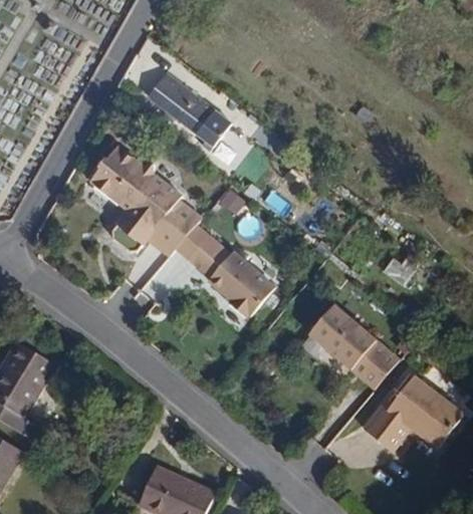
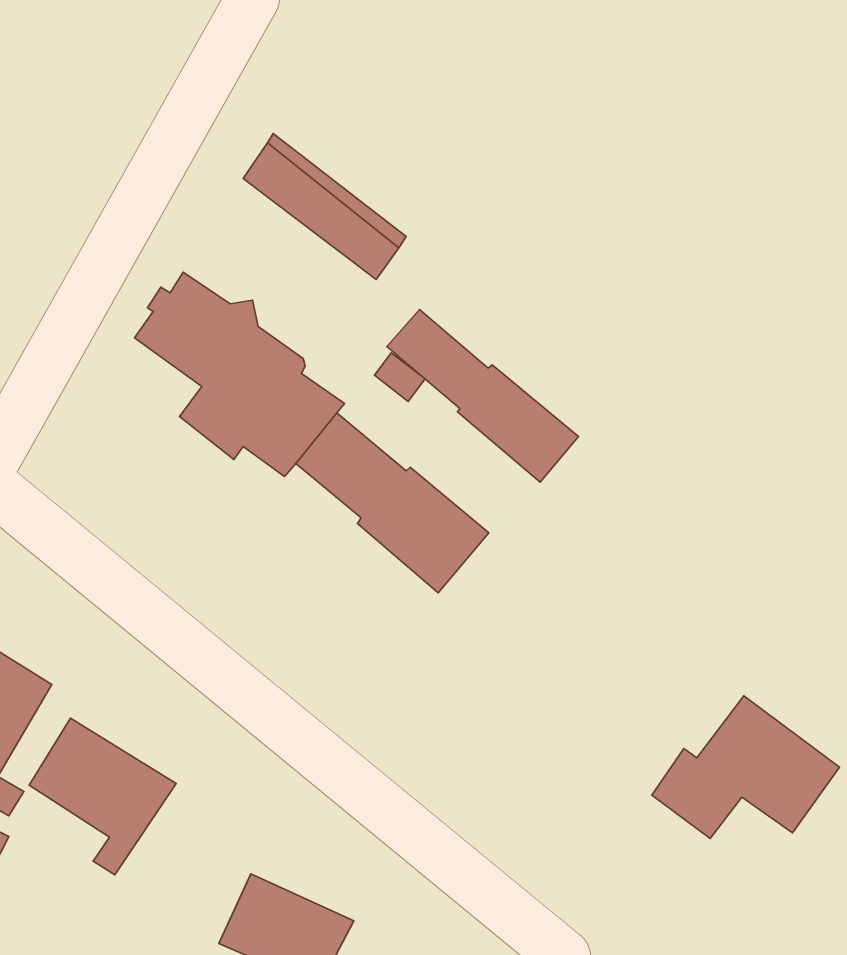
building: none -> [387,309,579,482]
building: [307,302,404,392] -> none
building: none -> [29,718,176,875]

